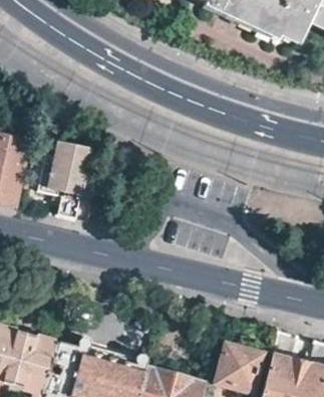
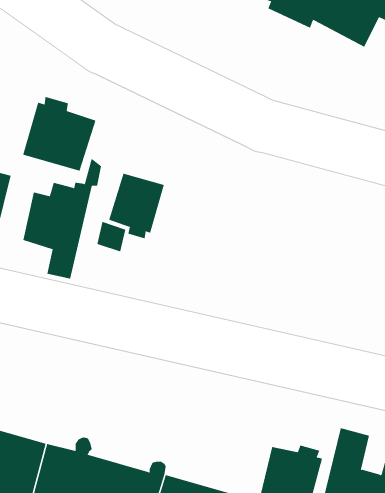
building: none -> [22,96,96,172]
building: none -> [109,173,165,239]

